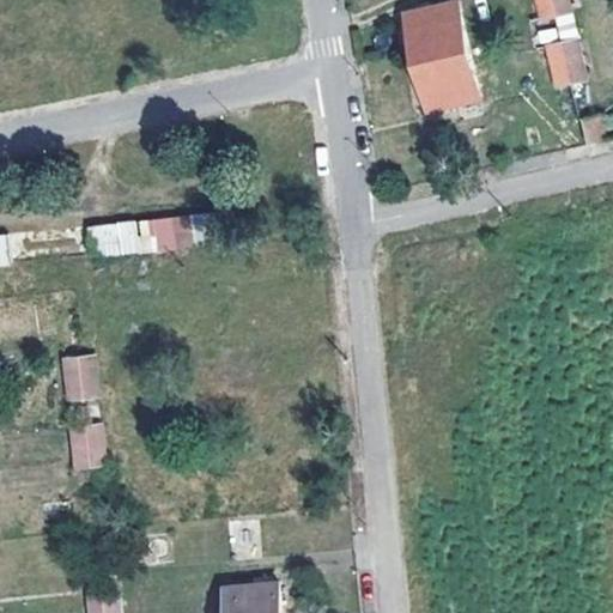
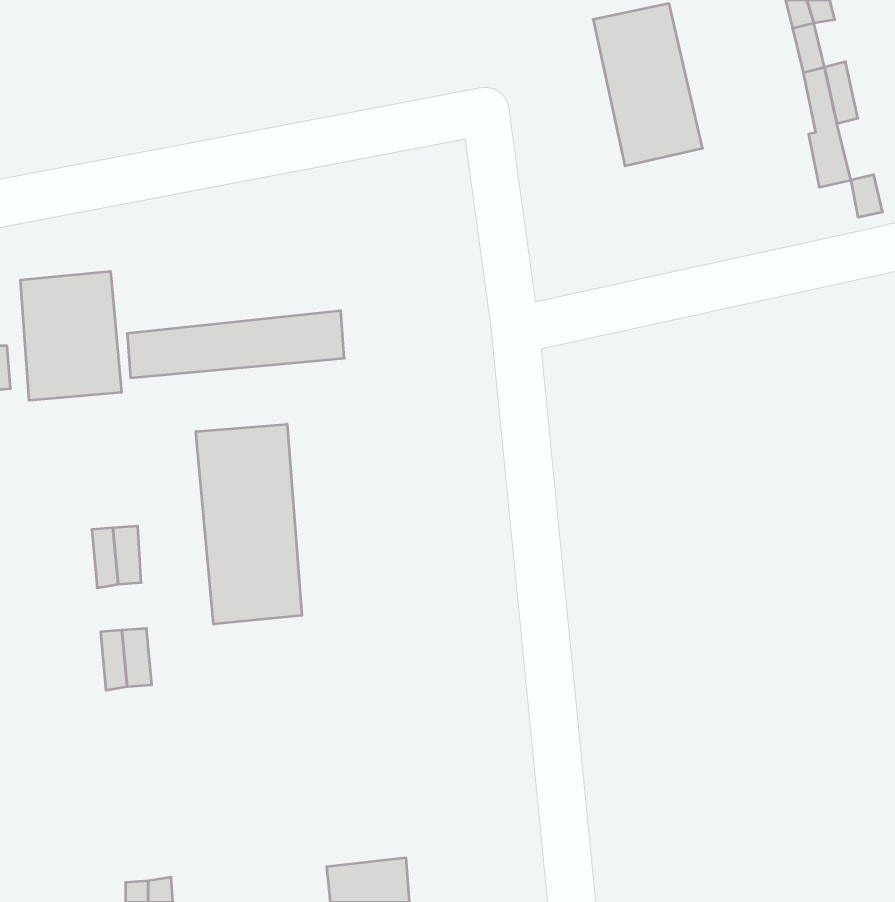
building: none -> [21,271,121,400]
building: none -> [196,424,302,624]

